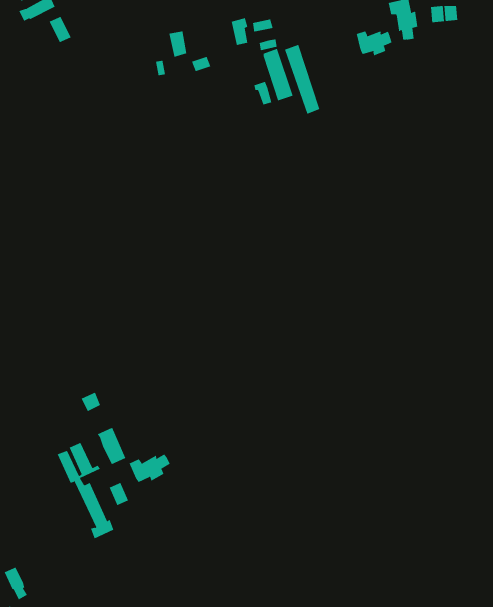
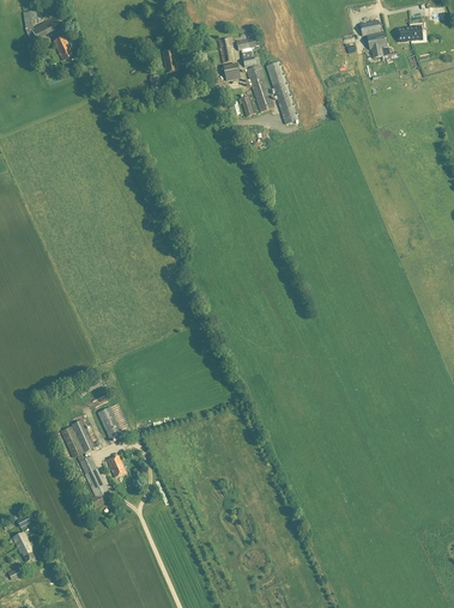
building: [356,31,392,56] -> none
building: [129,454,171,483] -> none

